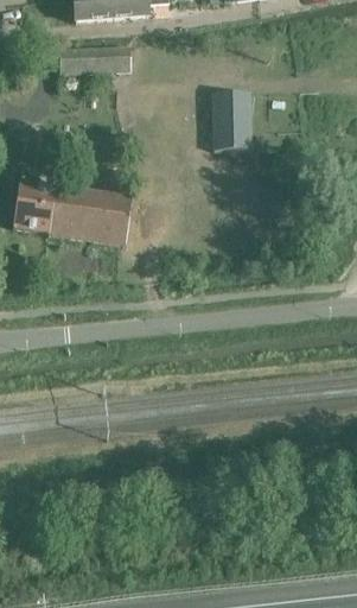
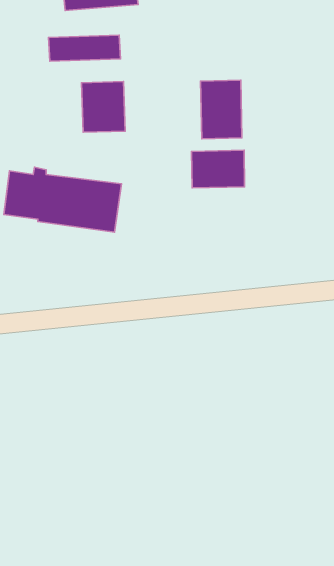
building: none -> [82,82,125,132]
building: none -> [192,150,244,188]

